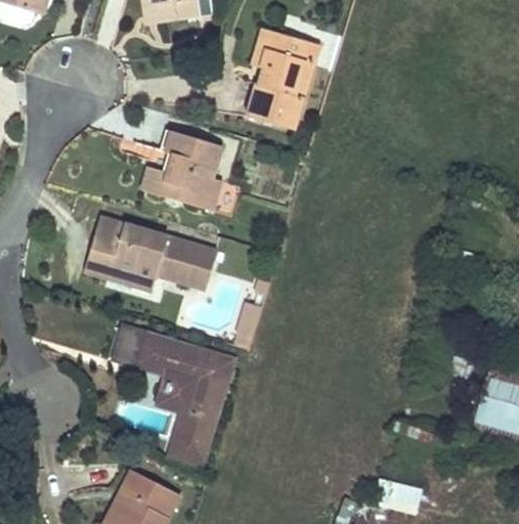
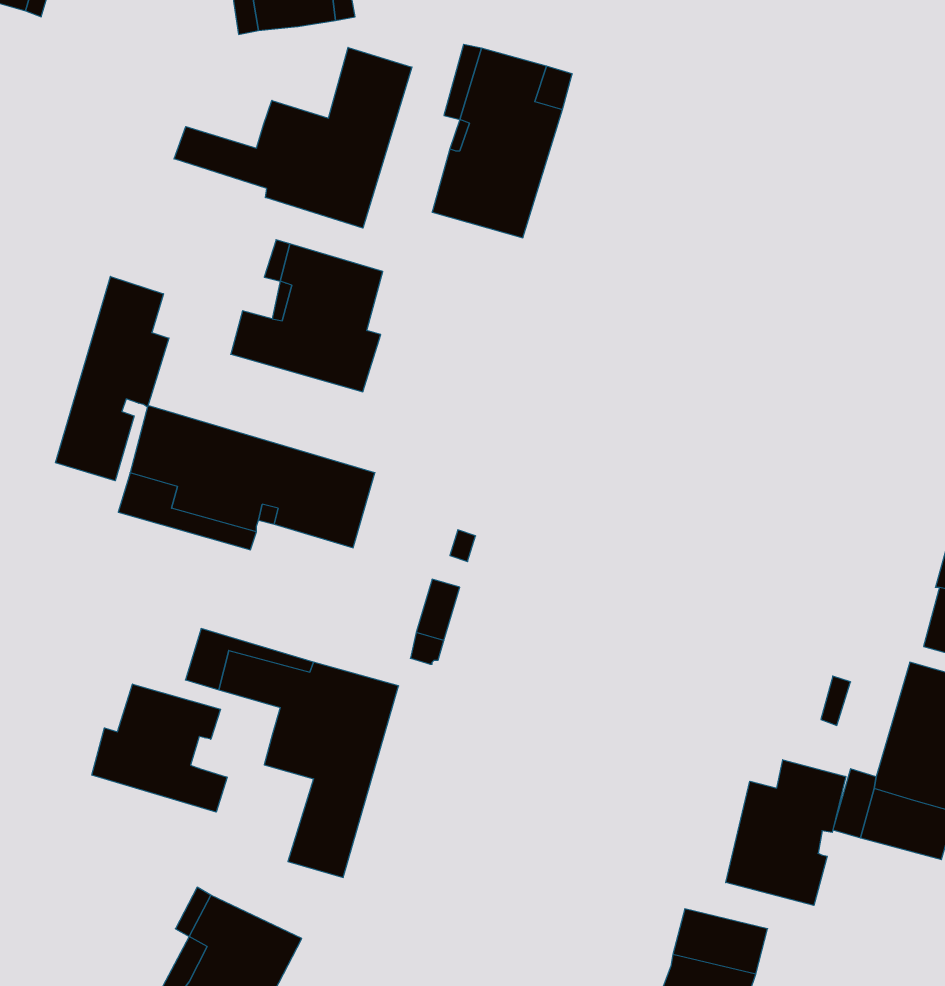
building: none -> [174,47,412,228]
building: none -> [55,276,169,481]
building: none -> [92,684,227,812]
building: none -> [726,760,846,905]

